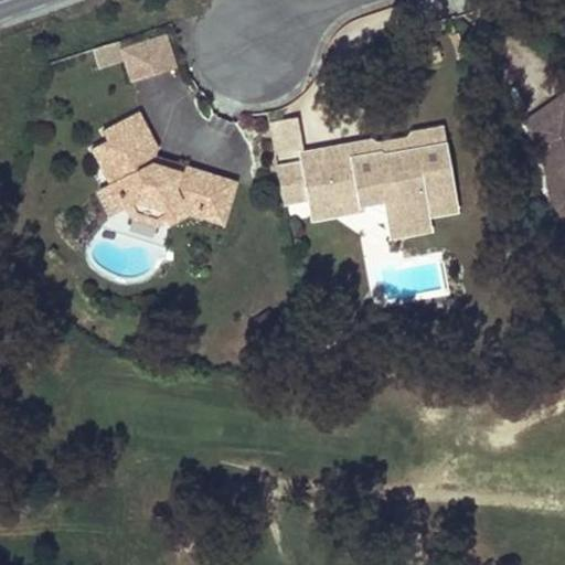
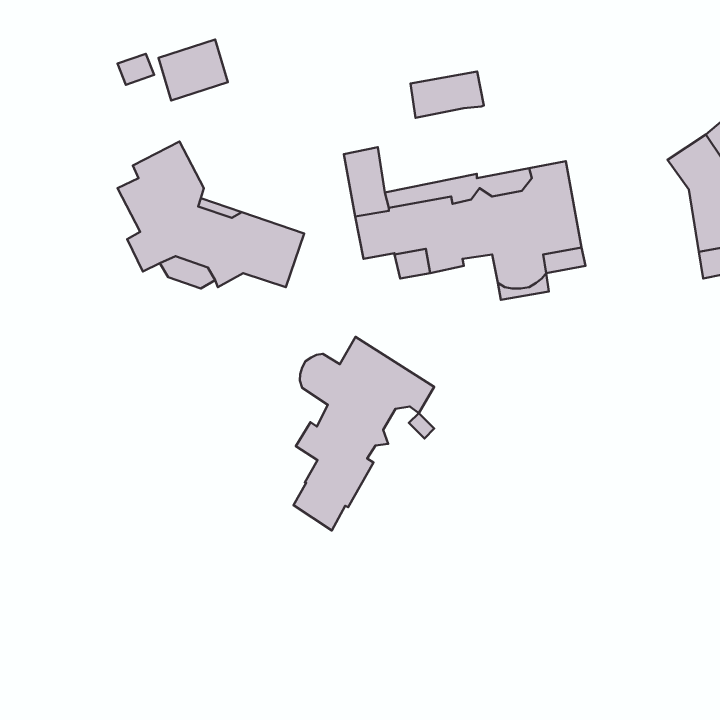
building: none -> [410,71,484,118]
building: none -> [294,337,434,531]

